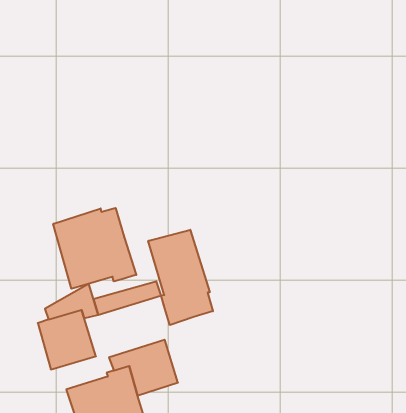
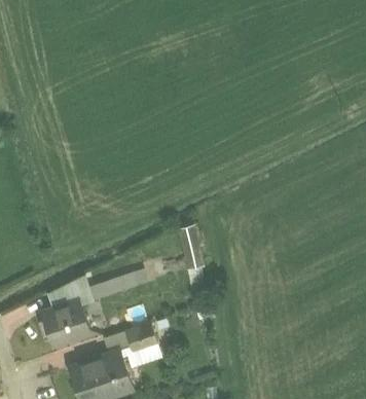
building: [53,208,136,289] -> none
building: [148,230,213,325] -> none

